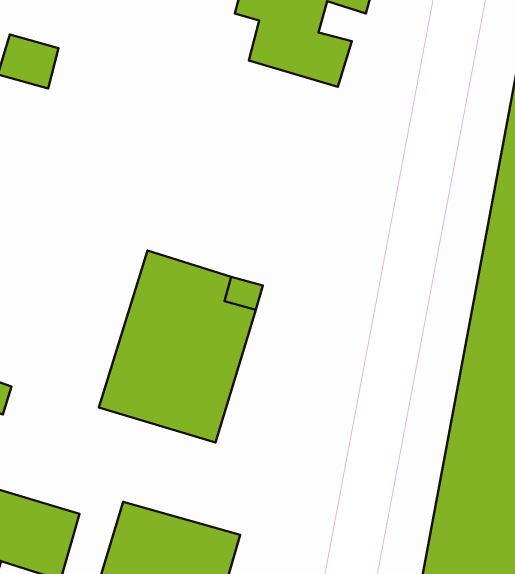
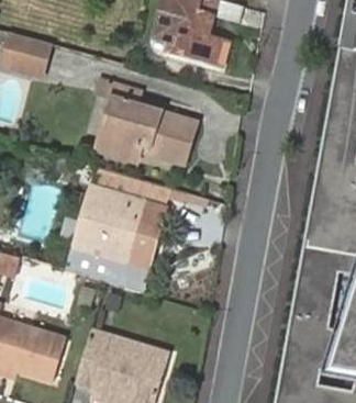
building: none -> [101,83,199,165]

